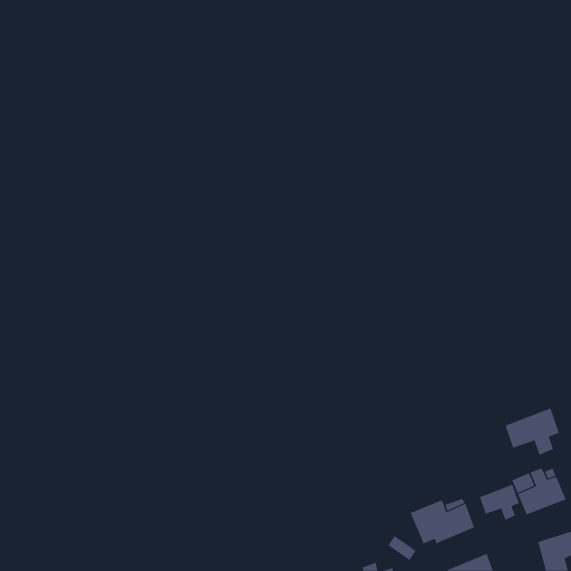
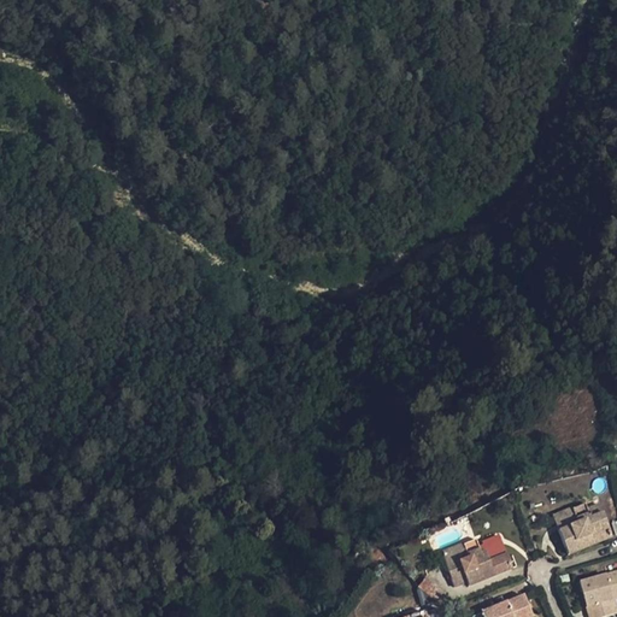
building: [505,407,560,456] -> none
building: [479,484,520,520] -> none

